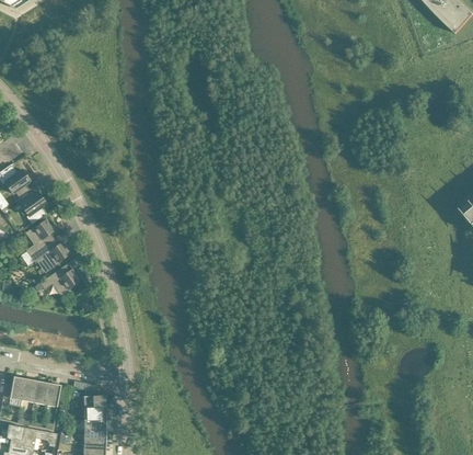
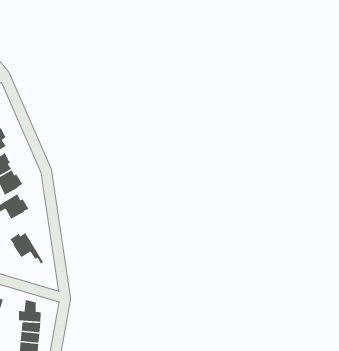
building: none -> [9,232,44,265]

